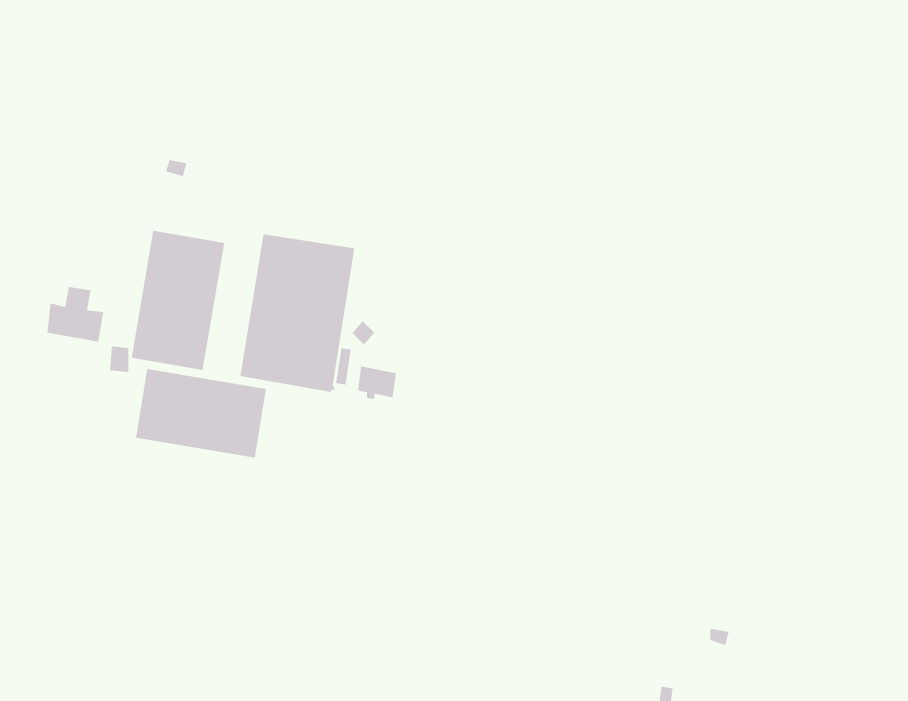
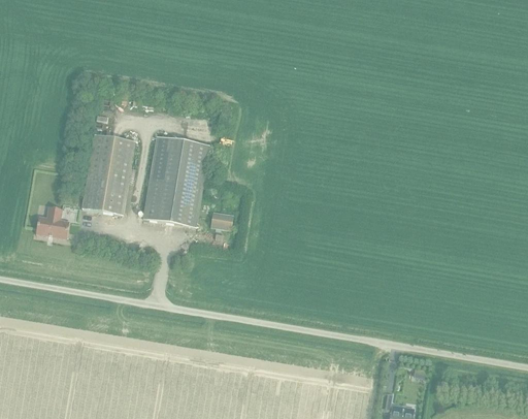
building: [46,286,104,342] -> [36,205,69,237]
building: [135,368,267,459] -> none

